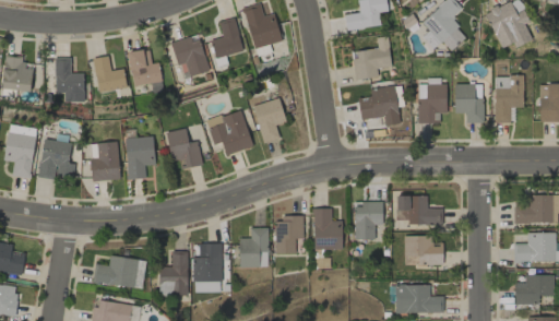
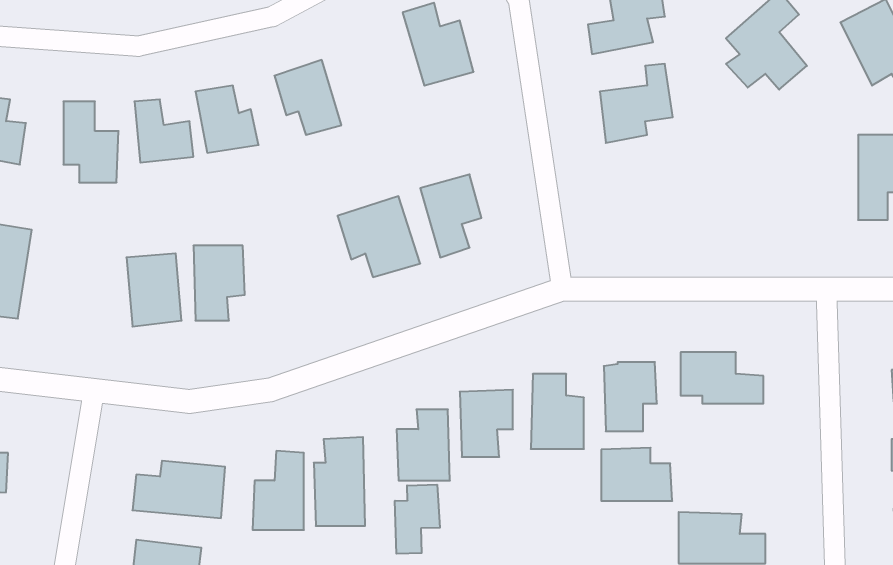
building: [211,17,243,59] -> none
building: [454,84,483,124] -> none
building: [417,85,447,124] -> none
building: [358,86,401,127] -> none
building: [166,129,202,168] -> none
building: [39,140,75,181] -> none
building: [404,236,443,265] -> [601,448,672,501]
building: none -> [395,485,440,554]

